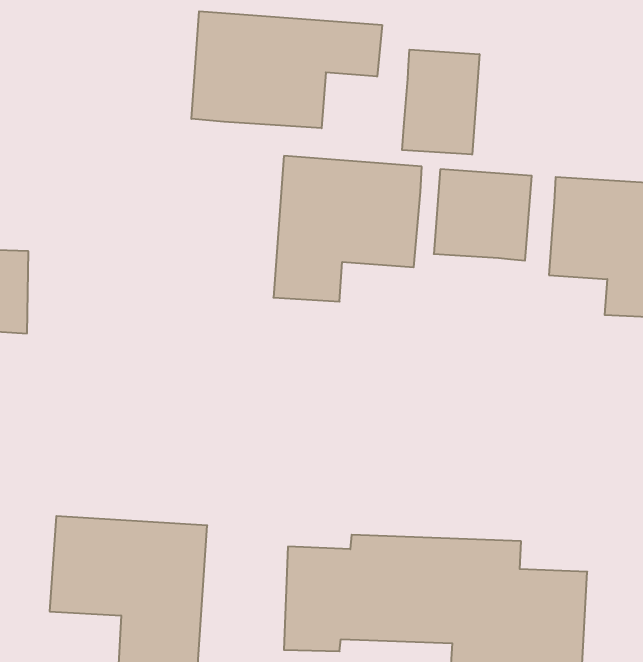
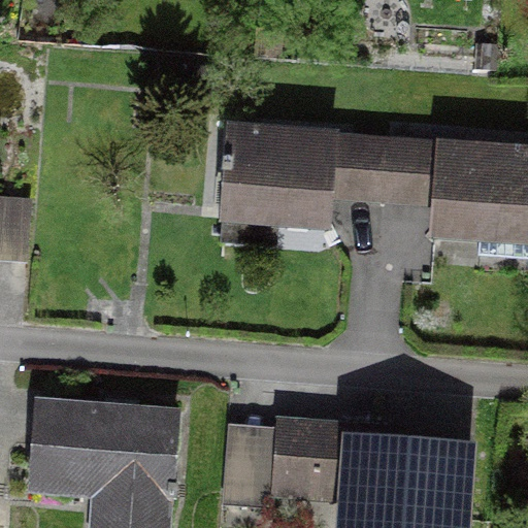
building: [191,11,382,128] -> none
building: [402,50,479,155] -> none

